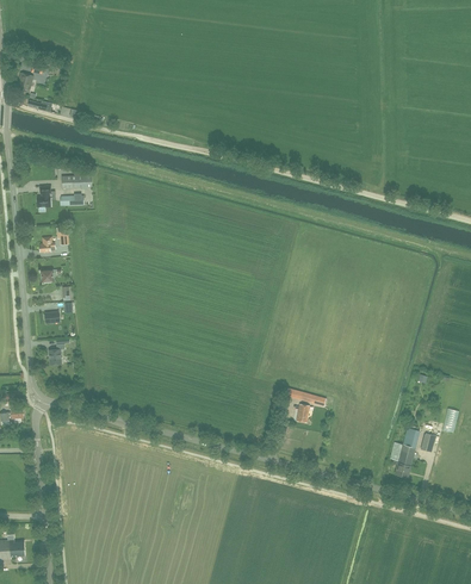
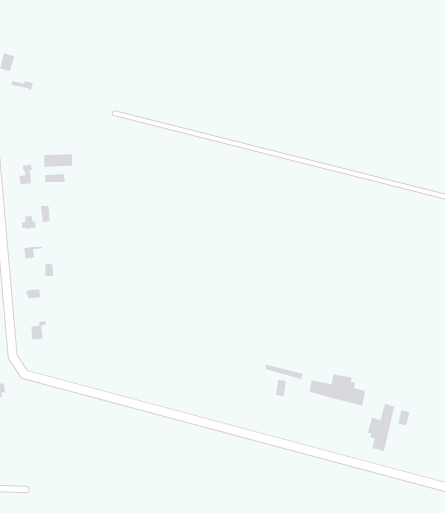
building: none -> [309,373,366,406]

